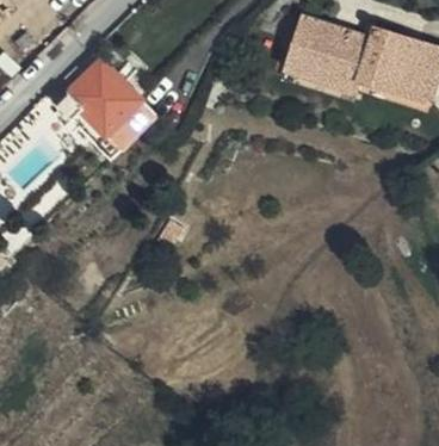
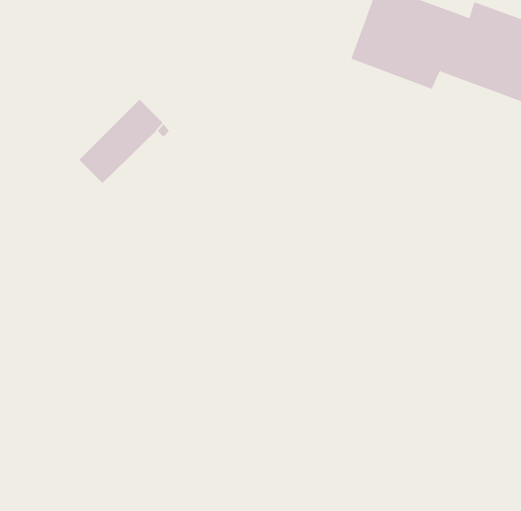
building: [52,60,136,143] -> none

